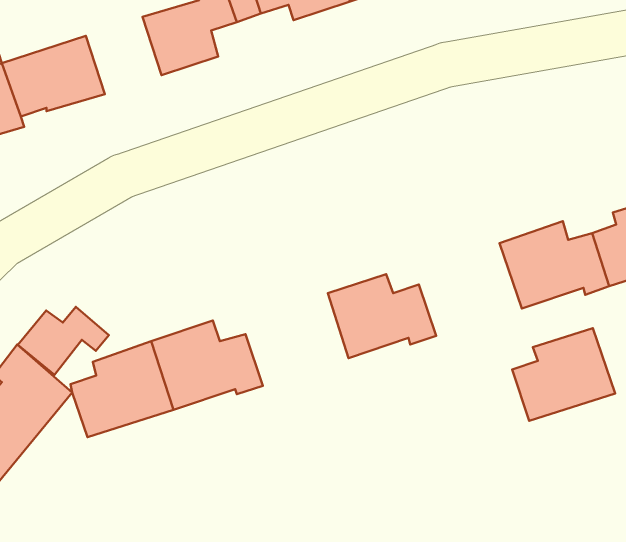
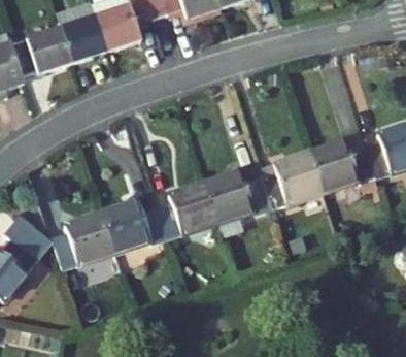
building: none -> [61,17,106,63]
building: none -> [157,183,218,238]
building: [18,307,109,375] -> none
building: [512,328,615,421] -> [261,153,323,208]

